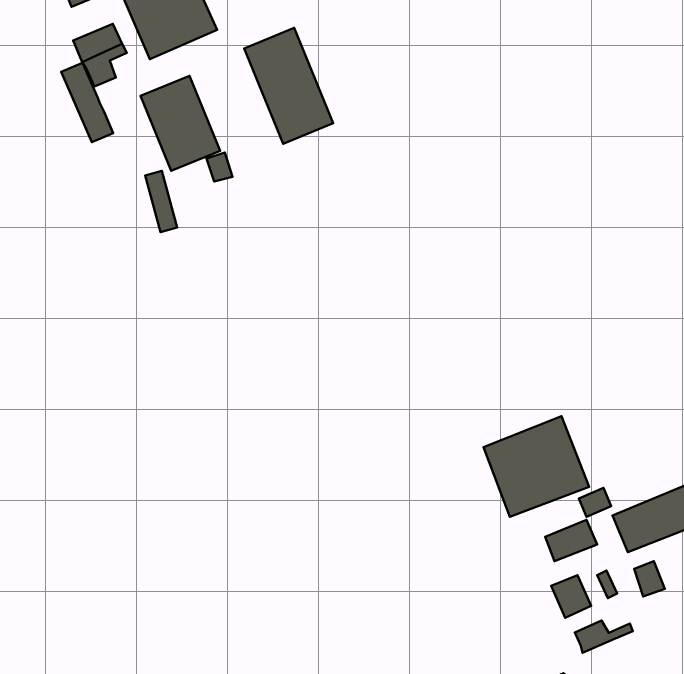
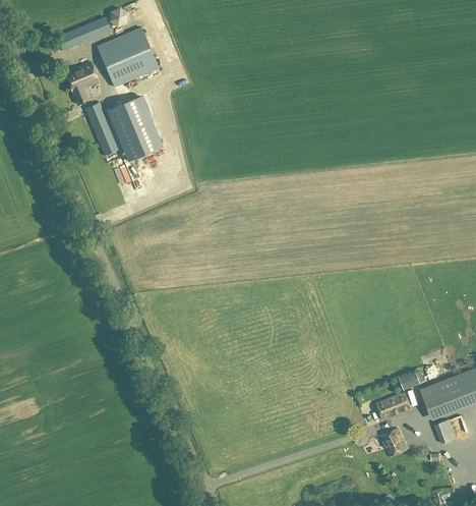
building: [244,28,333,144] -> none
building: [61,63,113,142] -> [86,103,121,156]
building: [483,416,589,517] -> none
building: [575,621,633,653] -> none

